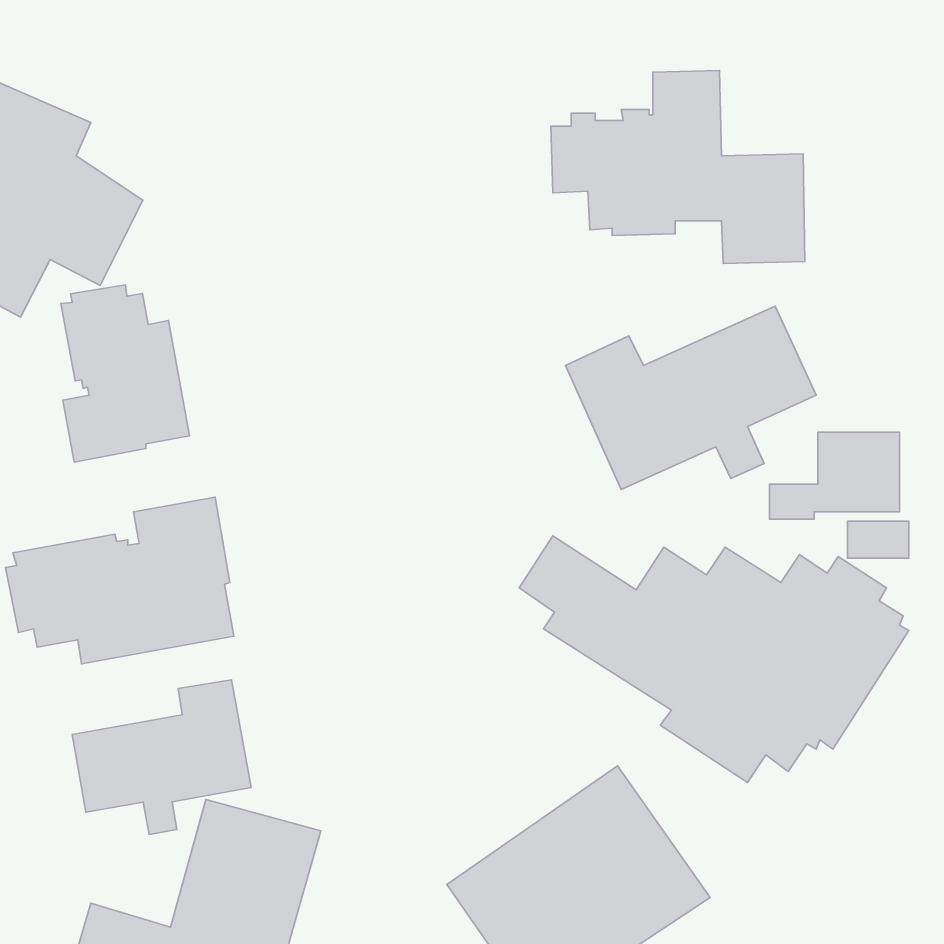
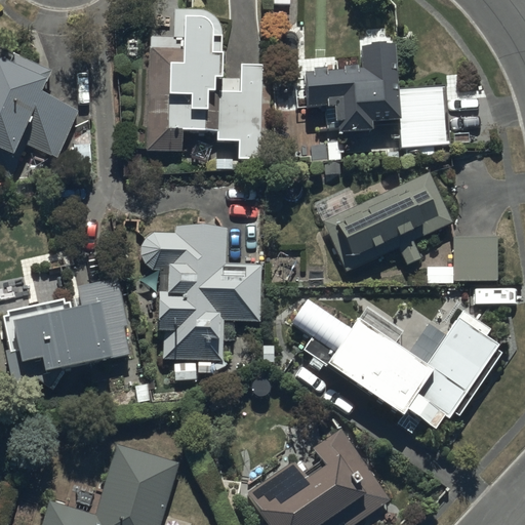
building: none -> [145,7,262,159]
building: [61,285,190,462] -> none
building: none -> [139,225,258,381]
building: [72,680,251,835] -> none

